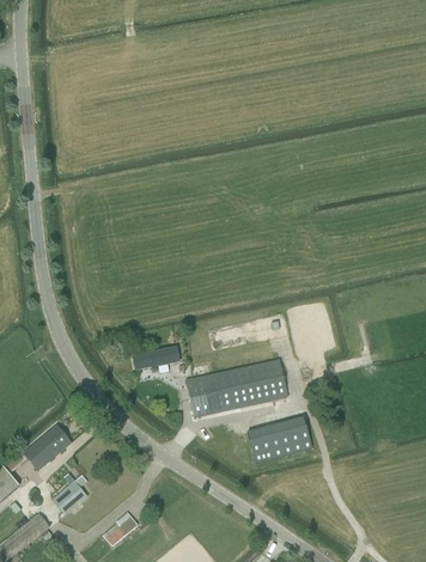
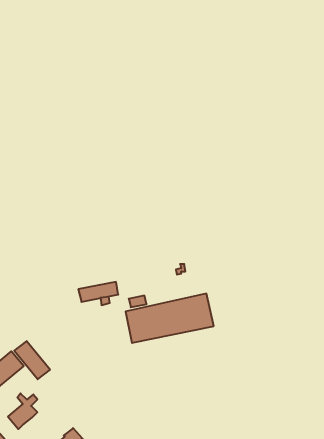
building: none -> [14,341,50,379]
building: [245,416,310,462] -> none

